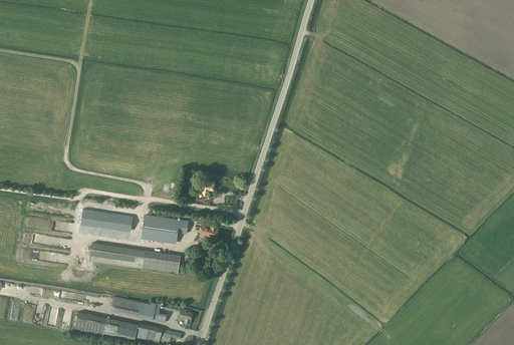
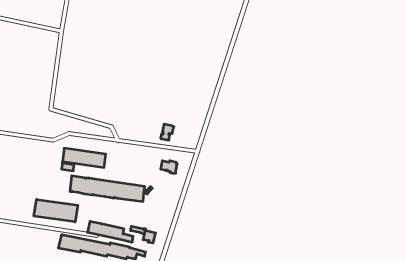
building: [142,216,188,242] -> none
building: none -> [34,199,78,222]

